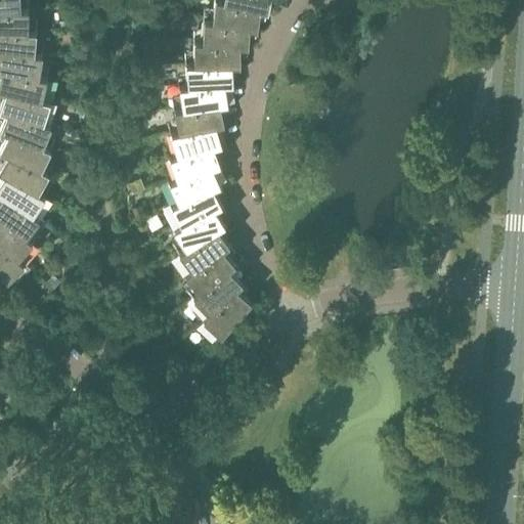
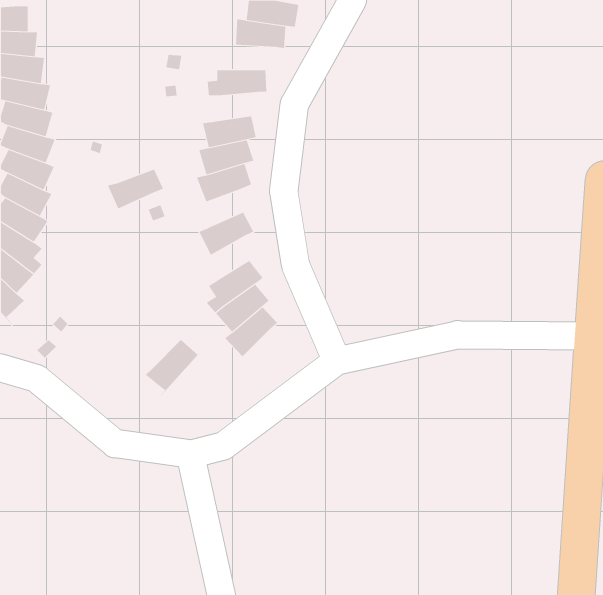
building: [196,46,239,69] -> none
building: [181,88,227,114] -> none
building: [171,171,220,206] -> [107,169,164,209]
building: [176,212,224,252] -> none
building: [205,293,251,345] -> [145,339,198,400]

